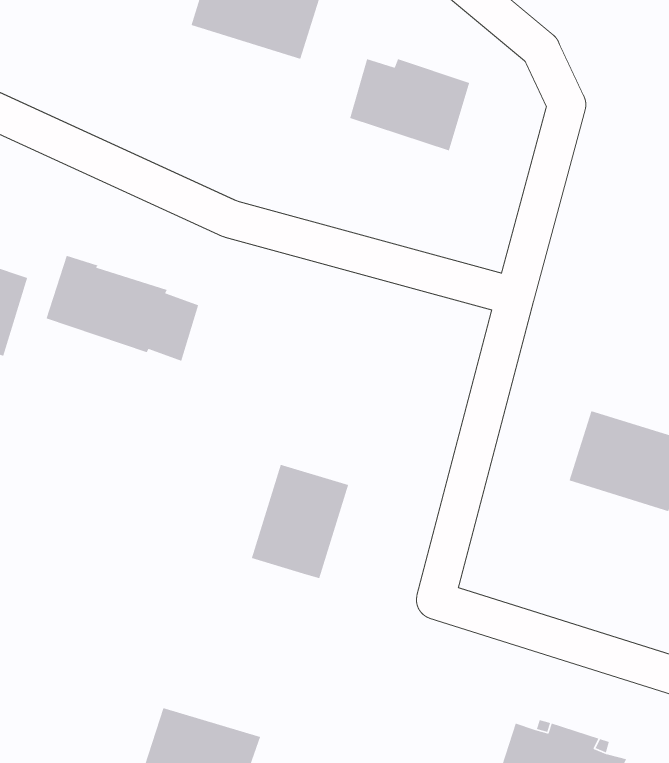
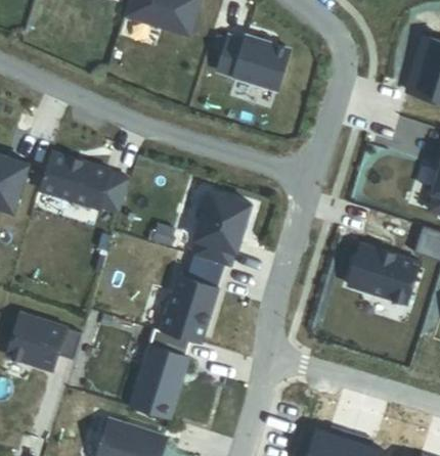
building: none -> [192,192,251,268]
building: none -> [21,318,81,371]
building: none -> [130,330,190,420]

